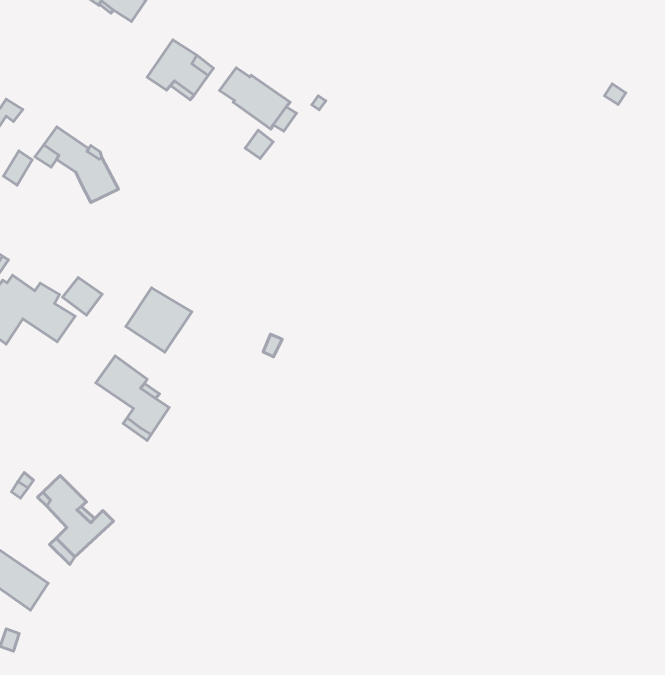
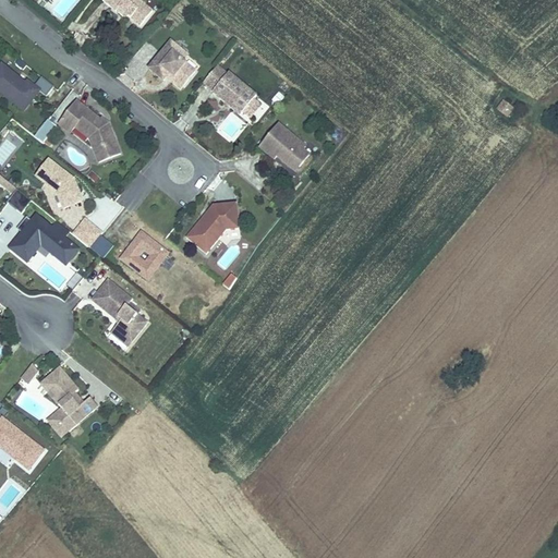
building: none -> [259,123,308,167]
building: none -> [33,155,84,207]
building: none -> [185,202,239,253]

